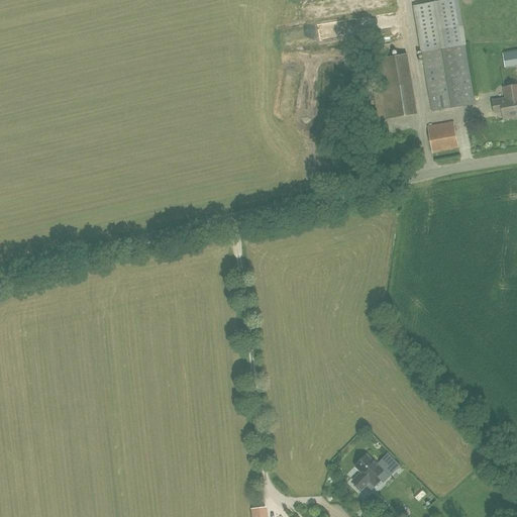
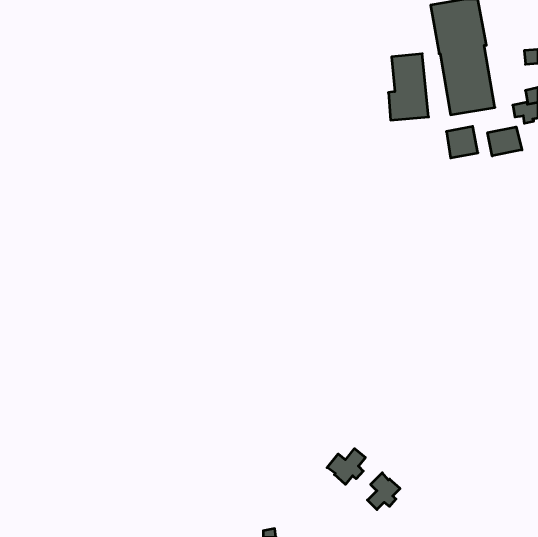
building: none -> [488,127,522,156]
building: none -> [327,449,365,484]

